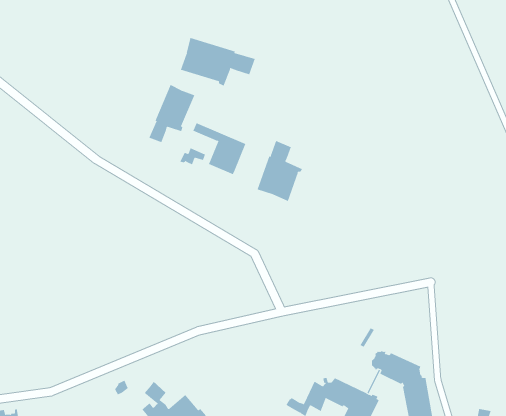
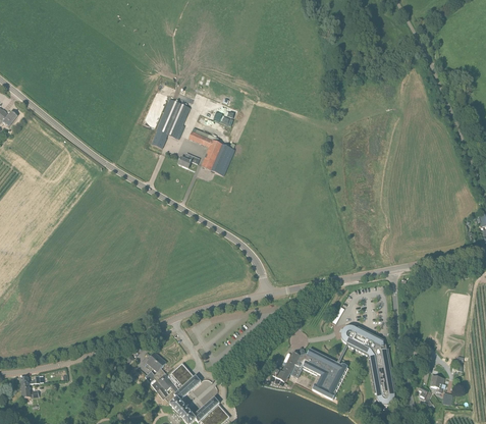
building: [180,37,256,87] -> none
building: [257,140,303,202] -> none

